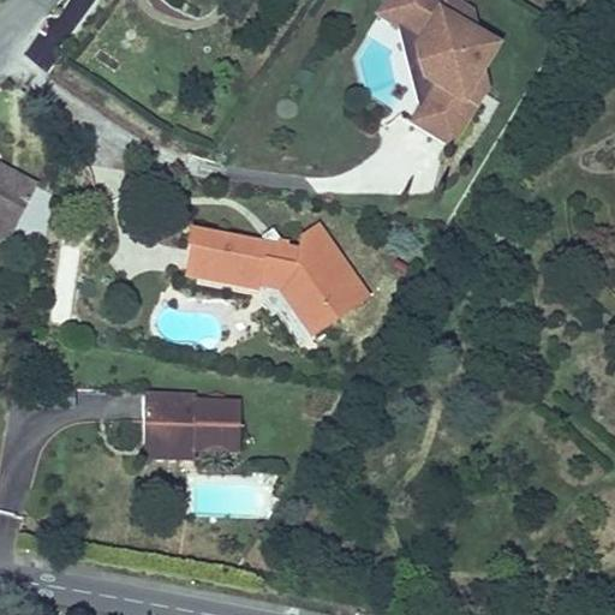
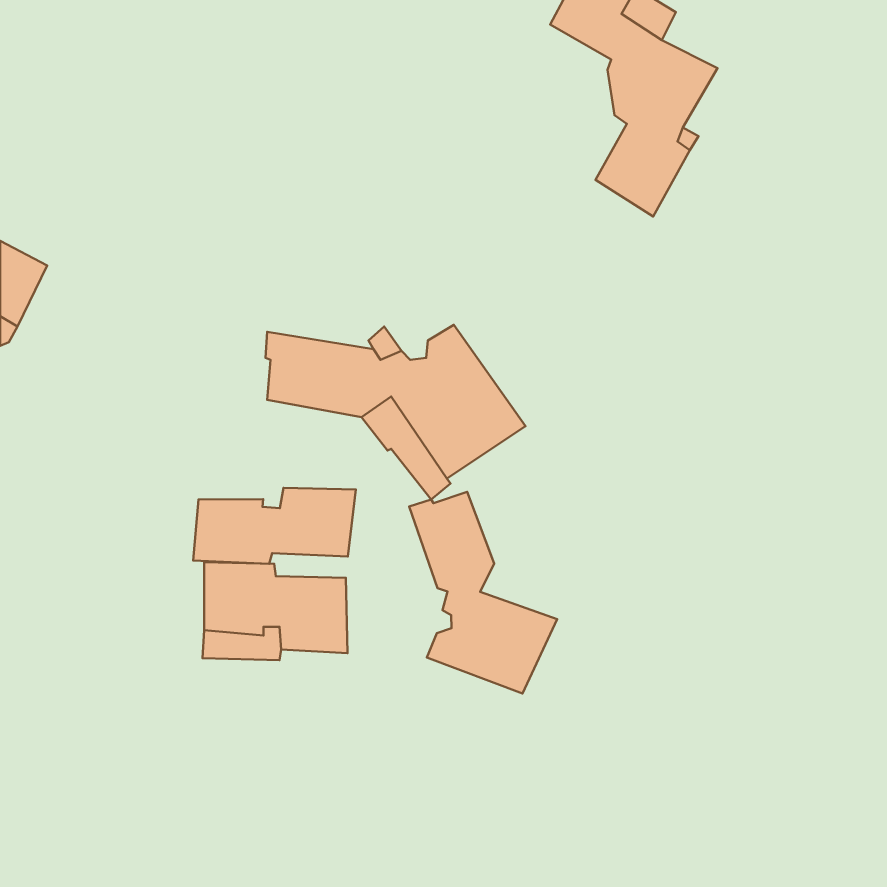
building: none -> [193,488,356,564]
building: none -> [409,492,557,693]

